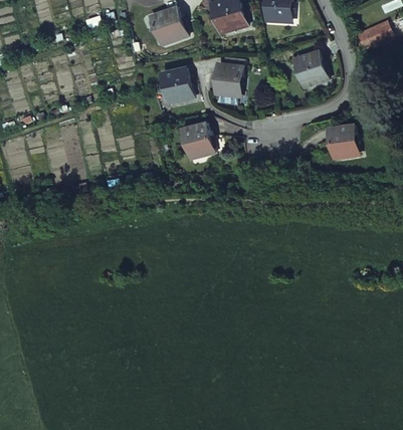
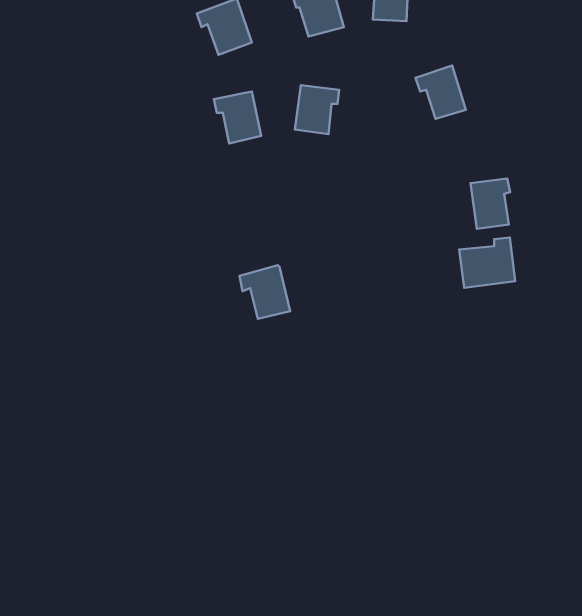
building: [355,23,389,47] -> none
building: [180,123,213,158] -> [240,265,290,319]
building: none -> [459,237,515,288]

